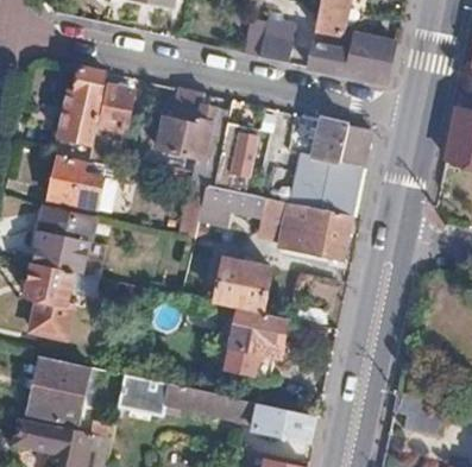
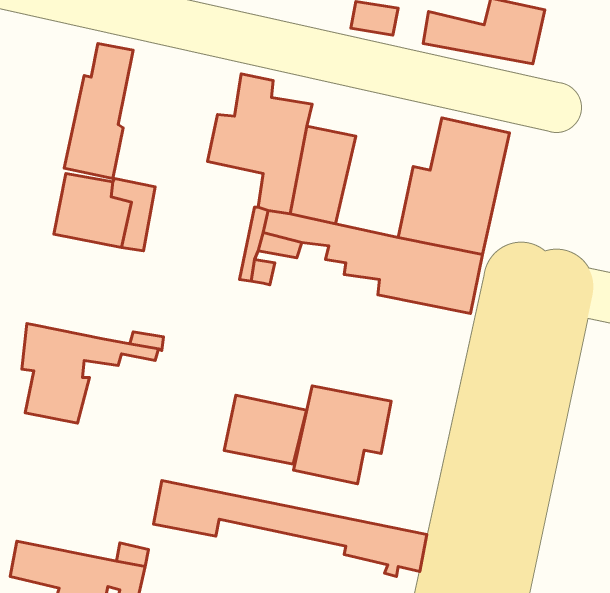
building: [97,86,133,132] -> none
building: [36,209,95,274] -> none
building: [215,259,273,308] -> [224,395,307,464]
building: [30,356,90,422] -> none

